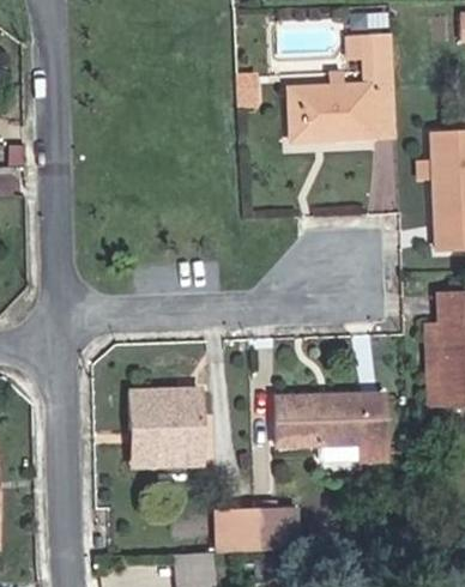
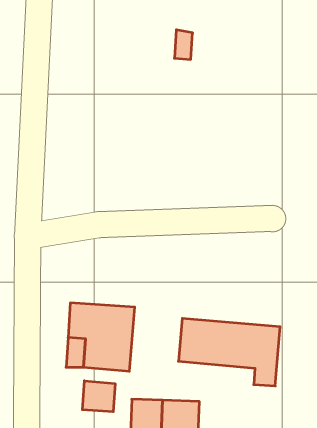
building: [280,35,387,135] -> none
building: none -> [82,381,115,412]

